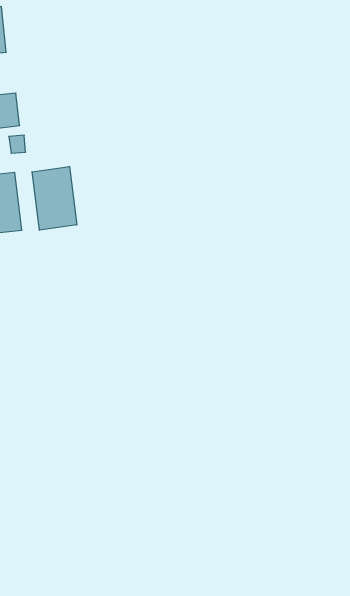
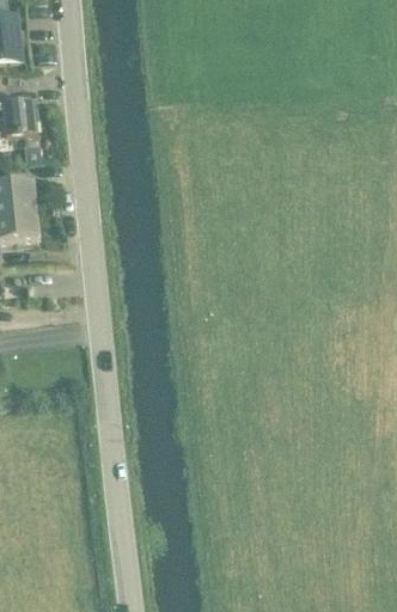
building: [32,166,77,230] -> none

